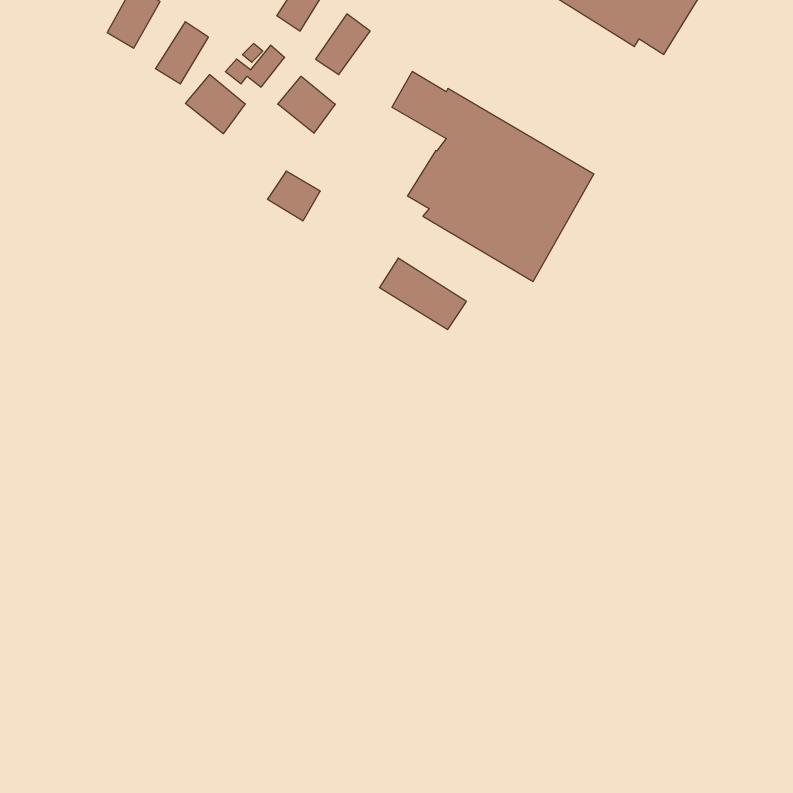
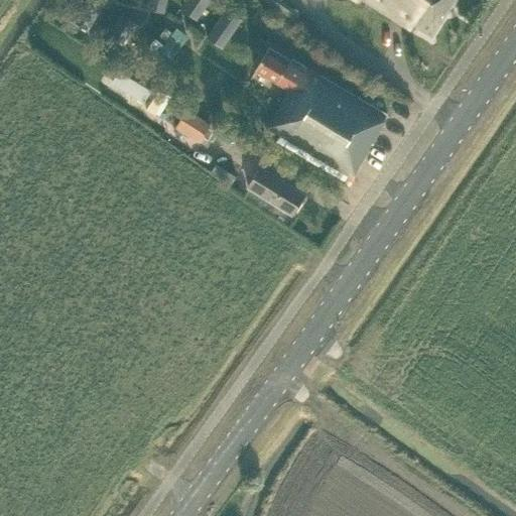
building: [186,75,245,134] -> none
building: [278,76,335,133] -> none

